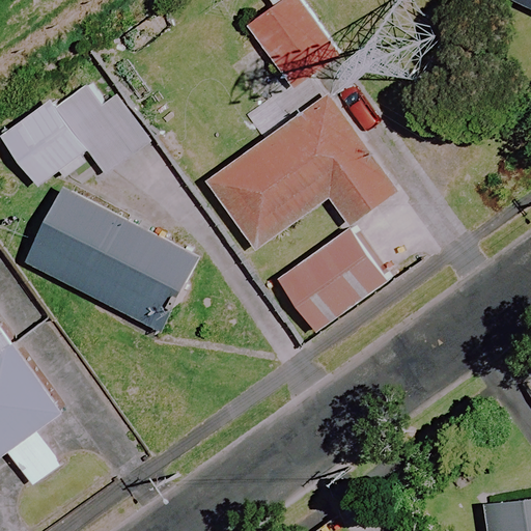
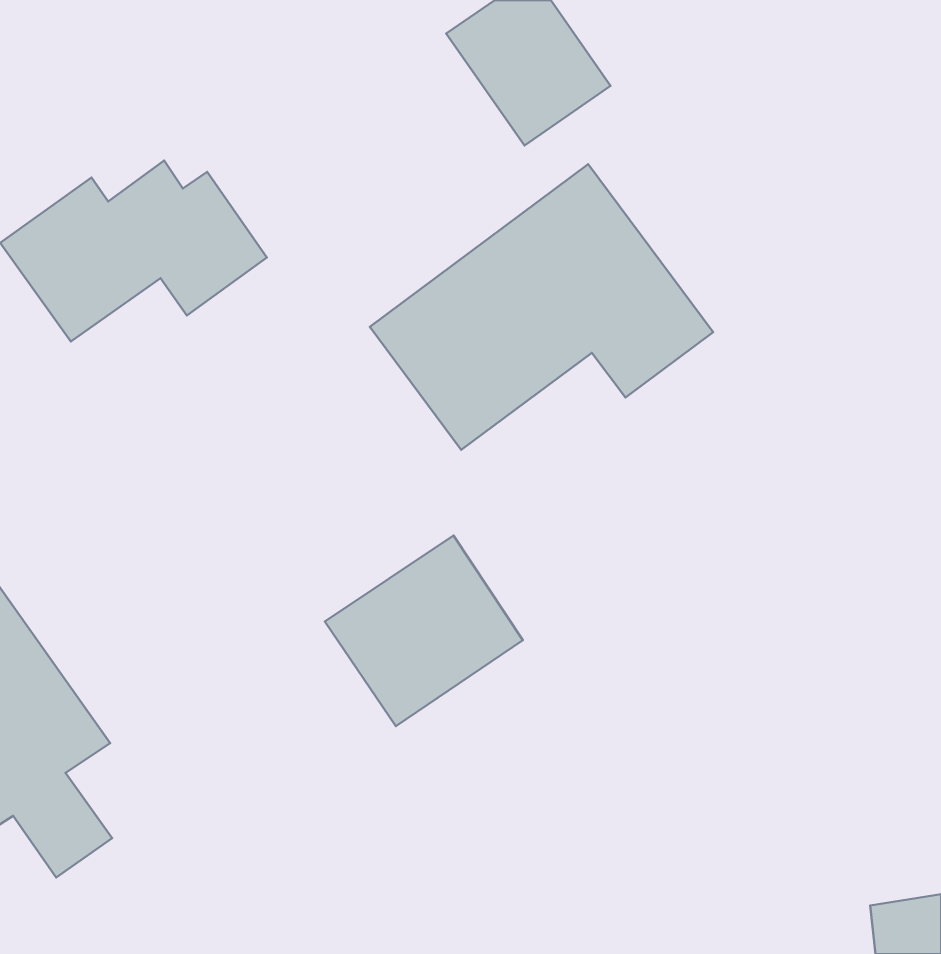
building: [23,187,198,331] -> none
building: [274,226,384,332] -> [325,536,523,726]

